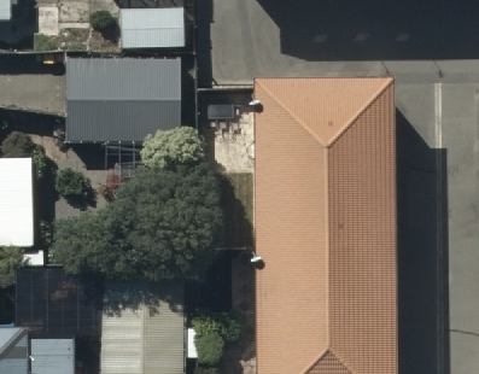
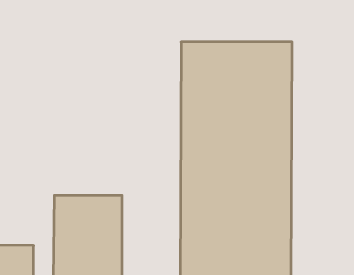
building: [68,49,180,136] -> none

